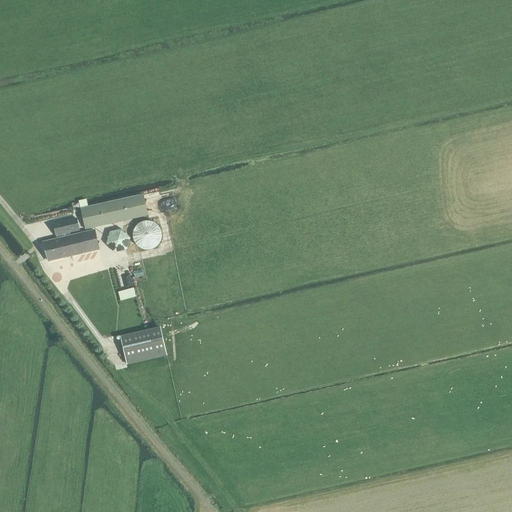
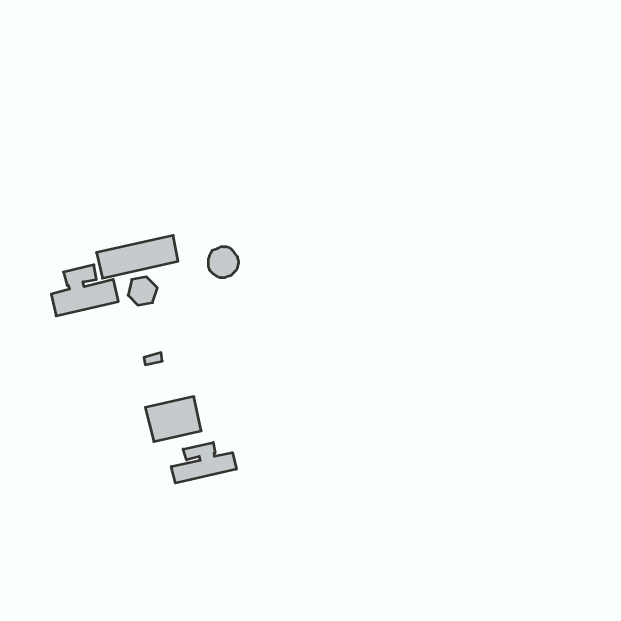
building: [135,224,160,249] -> [208,247,239,277]
building: none -> [171,442,236,483]

